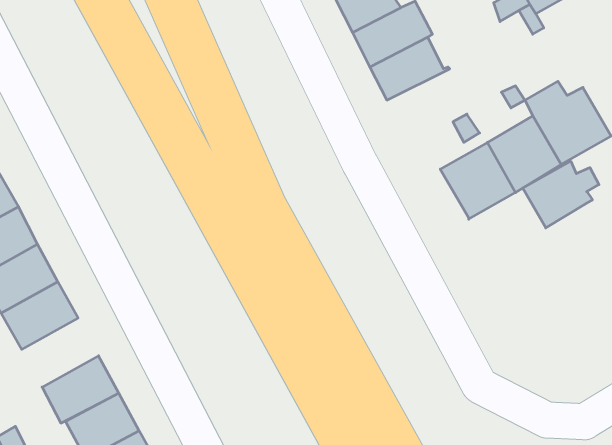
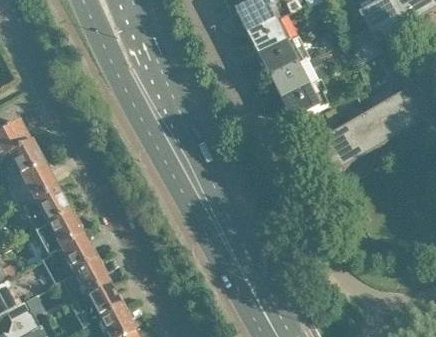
building: none -> [280,74,327,117]
building: [523,161,599,228] -> none
building: none -> [40,233,96,280]

